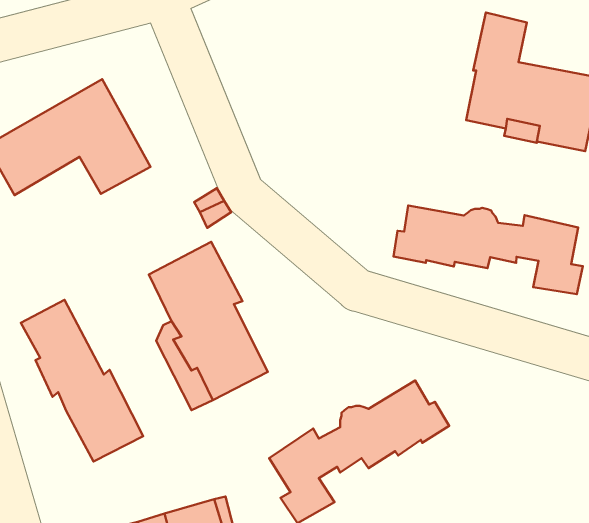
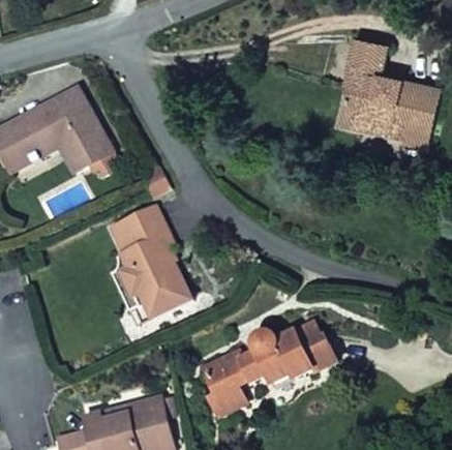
building: [394,206,583,294] -> none
building: [21,300,143,462] -> none

